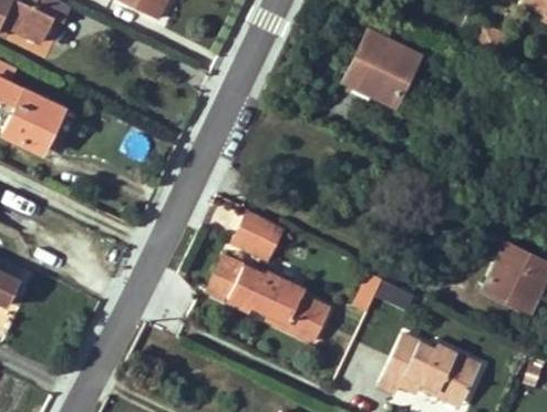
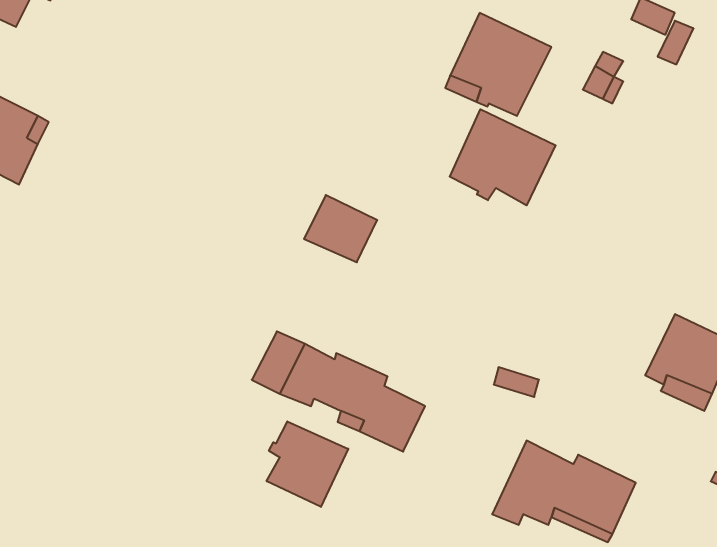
building: none -> [450,109,556,205]
building: [231,210,283,258] -> [304,195,377,262]
building: none -> [267,421,348,507]

